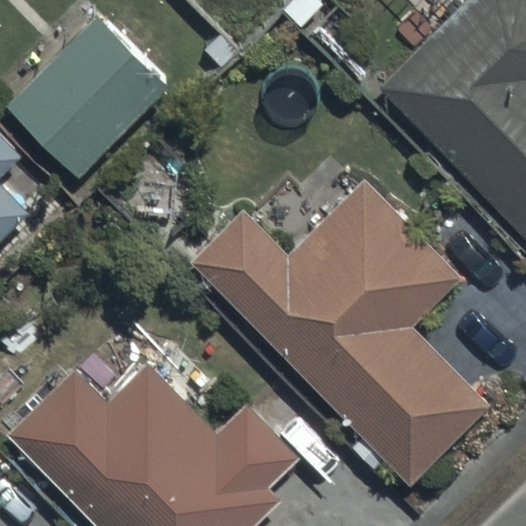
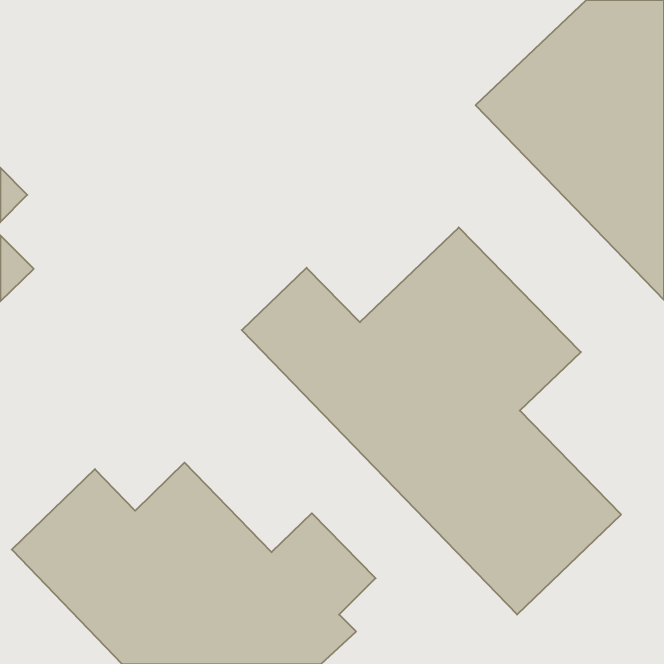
building: [6,15,168,178] -> none

